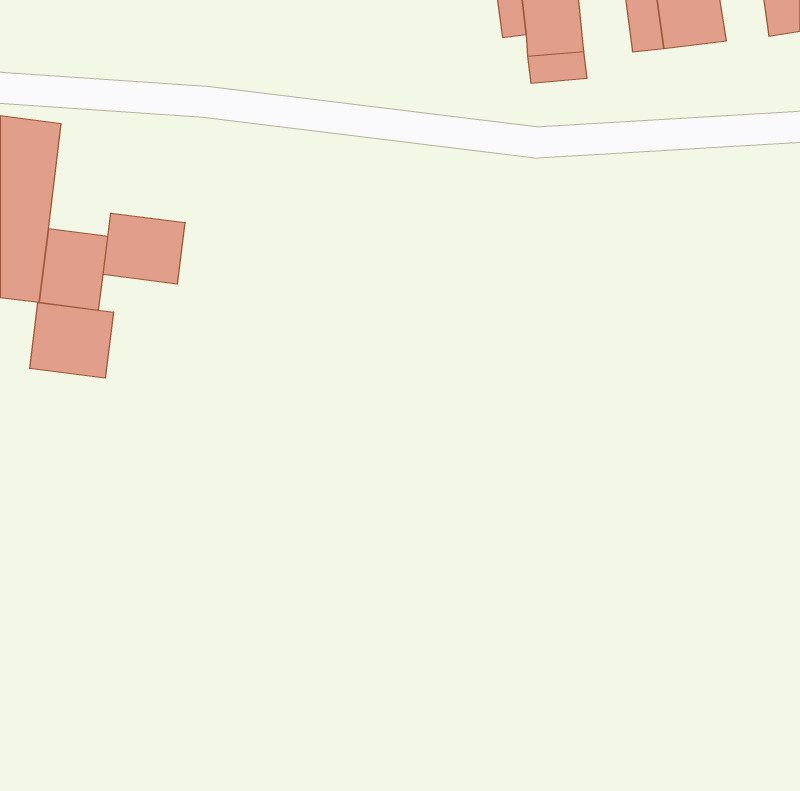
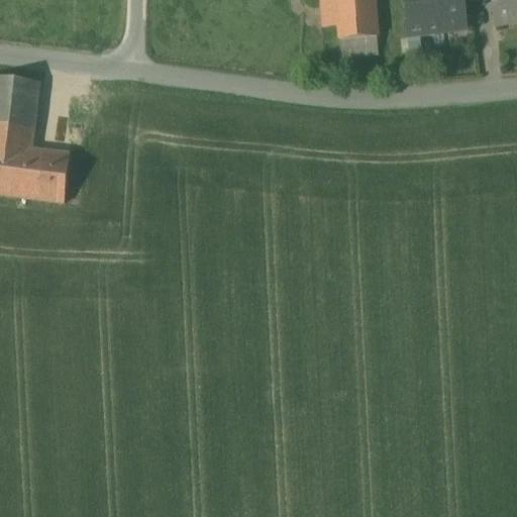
building: [103,213,185,284] -> none
building: [30,302,113,378] -> none

